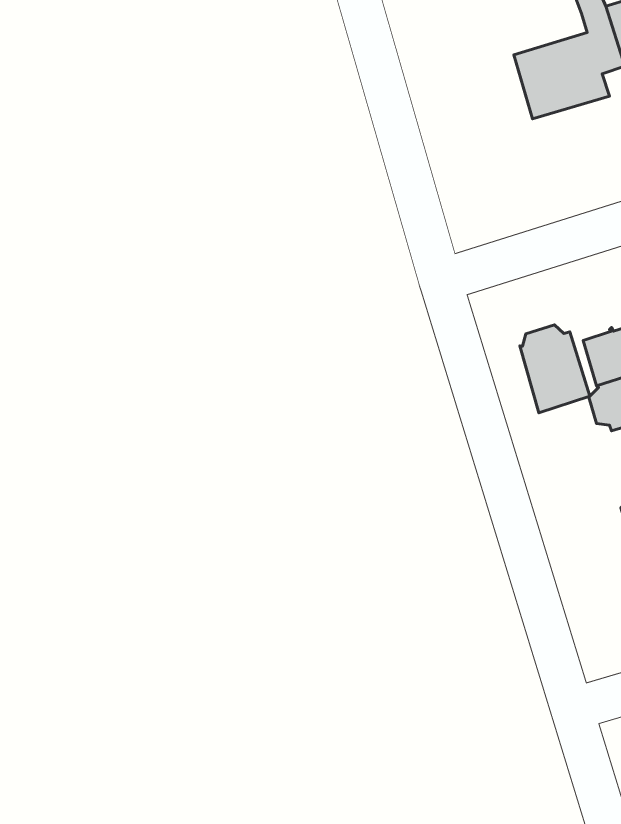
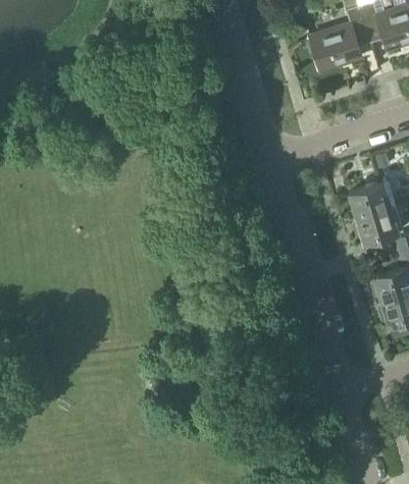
building: [520,325,590,413] -> none

